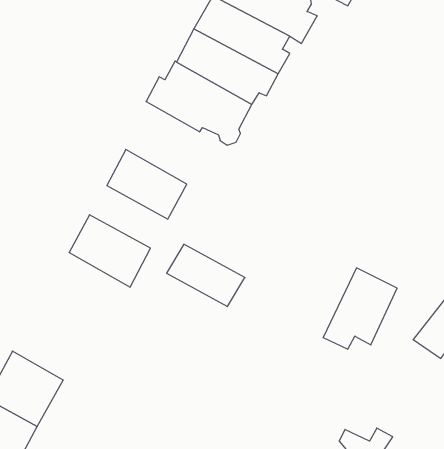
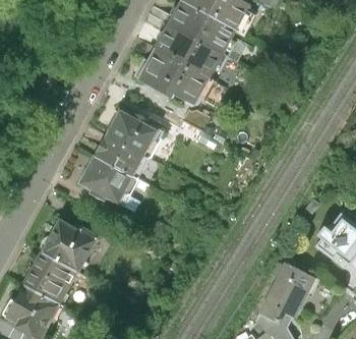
building: [167,244,245,307] -> [93,136,147,180]
building: [323,268,397,349] -> [272,259,323,316]
building: none -> [39,222,92,273]

